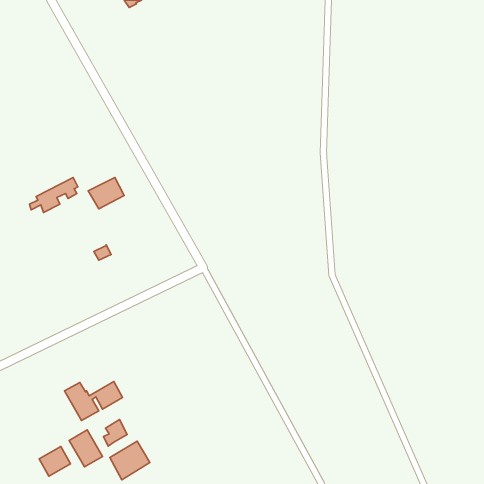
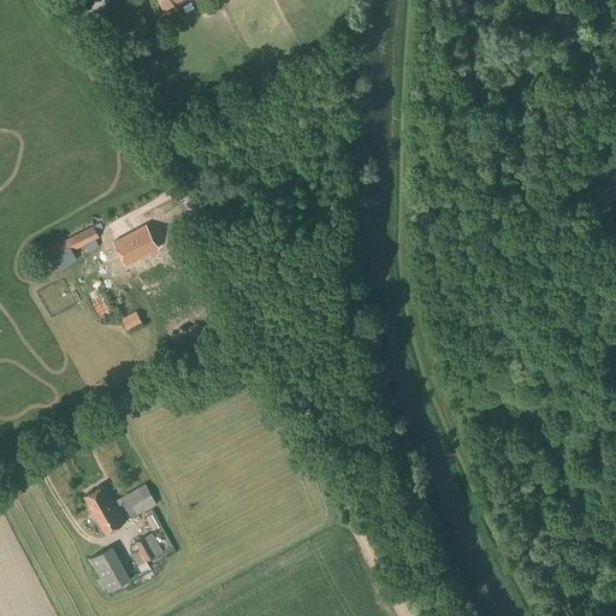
building: [110,441,150,480] -> none
building: [39,447,71,476] -> none

